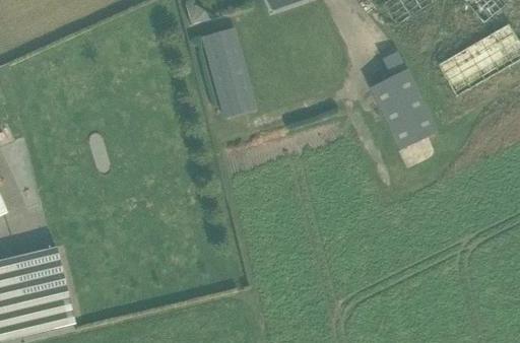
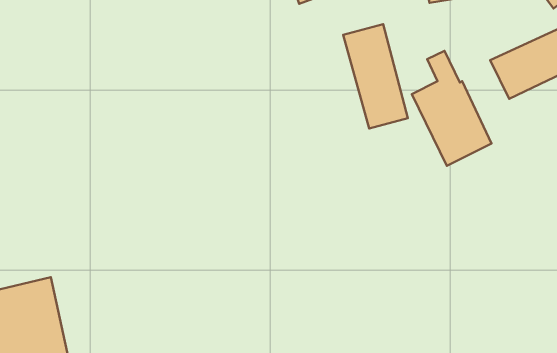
building: [201,27,257,118] -> [343,24,408,129]

